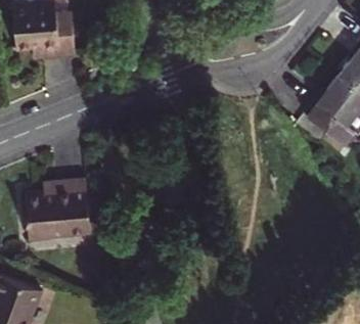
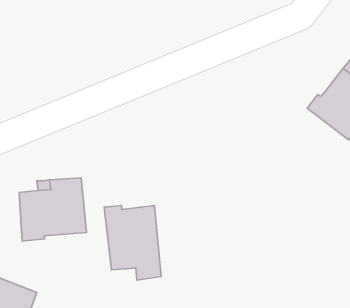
building: [13,12,77,67] -> none
building: none -> [104,205,161,280]

